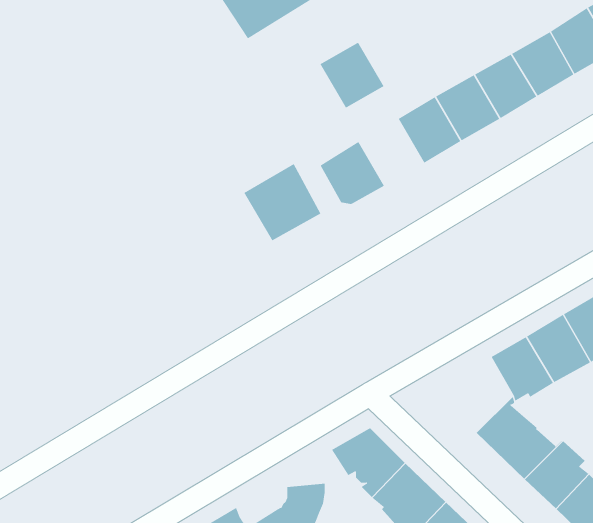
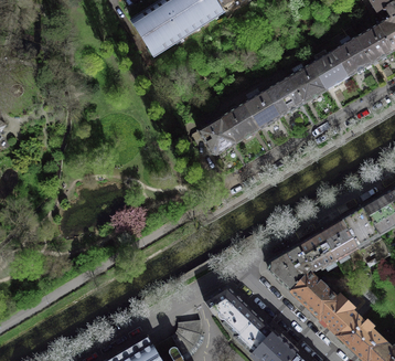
building: [320,42,385,109] -> [221,104,259,144]
building: [243,163,321,241] -> none
building: none -> [269,245,312,290]

